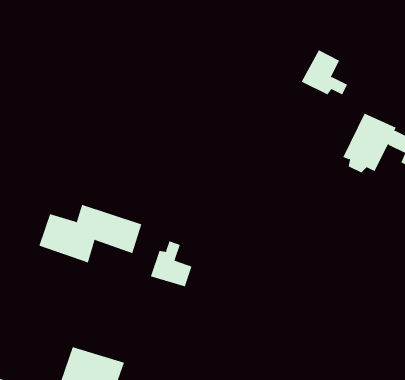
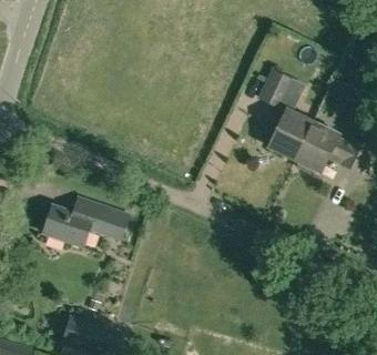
building: none -> [266,109,312,158]
building: [150,241,192,287] -> none

